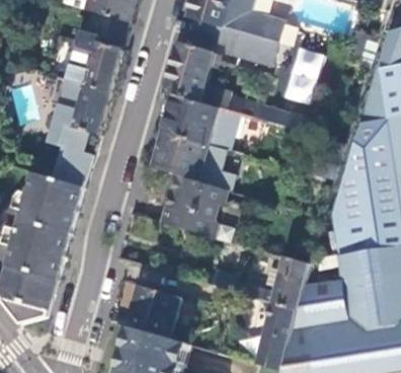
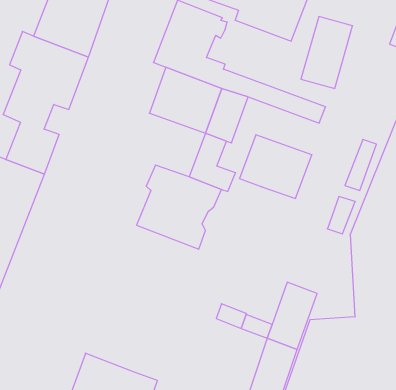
building: [154,132,210,179] -> [239,135,312,198]
building: [129,285,180,338] -> none

